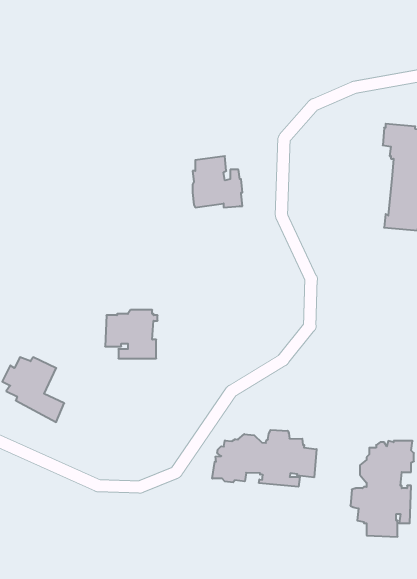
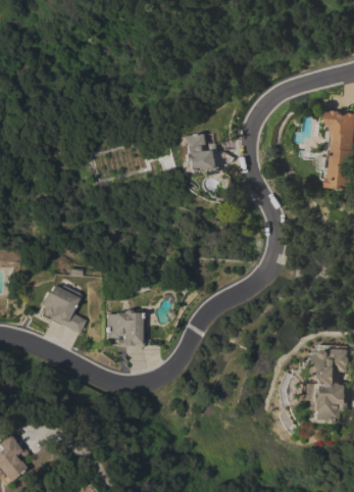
building: [105,310,158,358] -> [104,310,144,347]
building: [212,430,317,487] -> none

